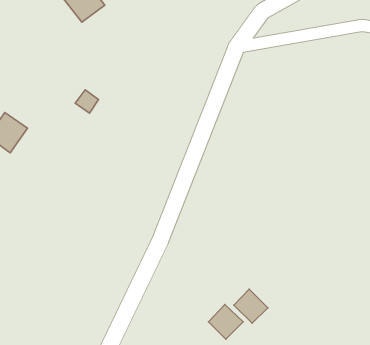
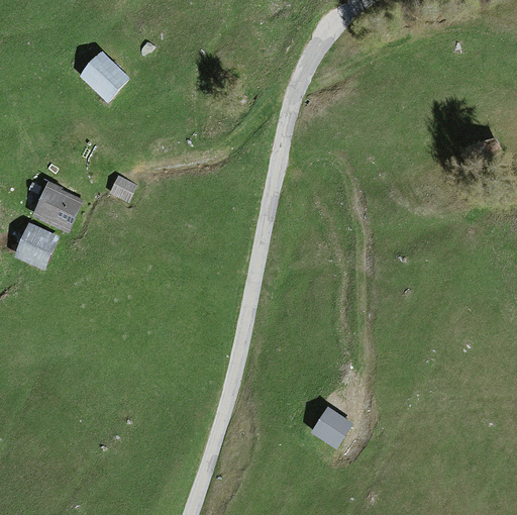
building: none -> [31,177,81,225]
building: [234,289,268,323] -> none

